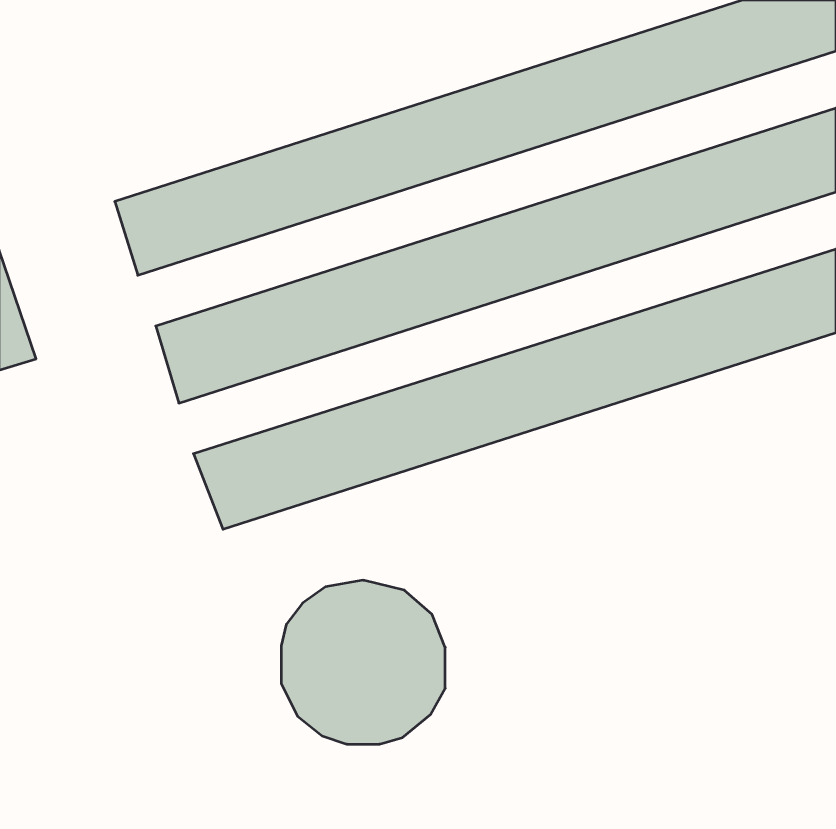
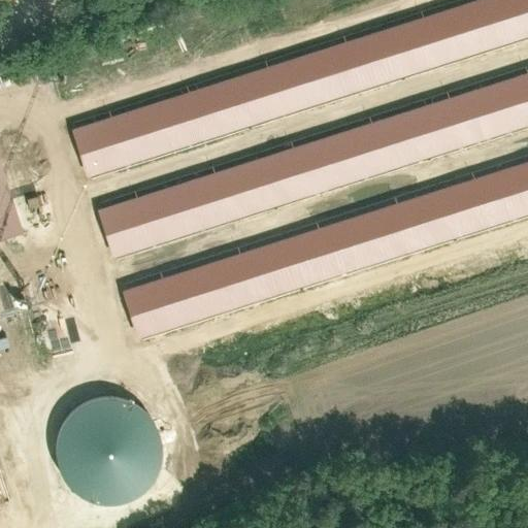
building: [281,580,445,744] -> [58,400,161,503]

